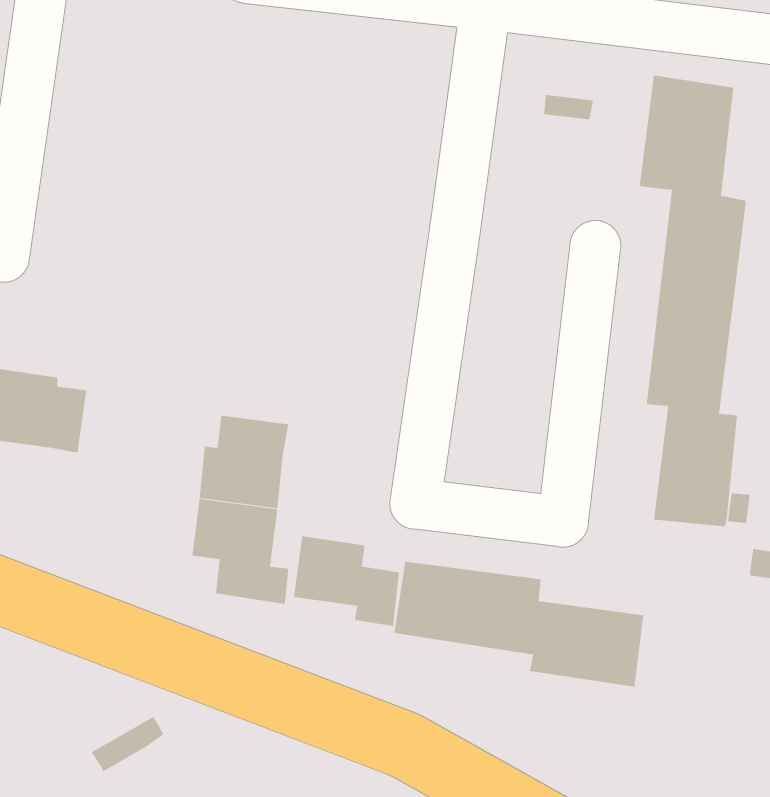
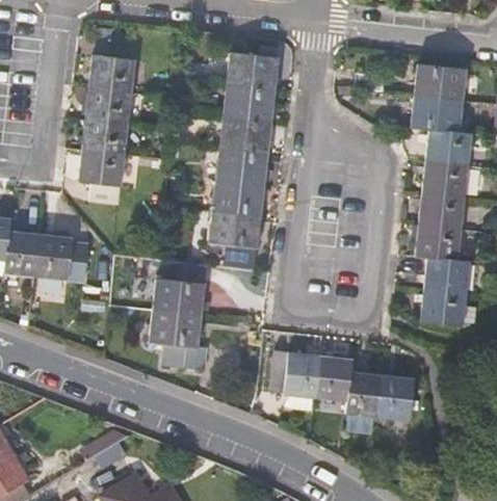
building: none -> [81,58,138,186]
building: none -> [208,58,280,272]
building: [294,536,400,627] -> none

